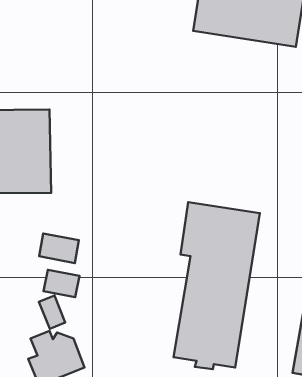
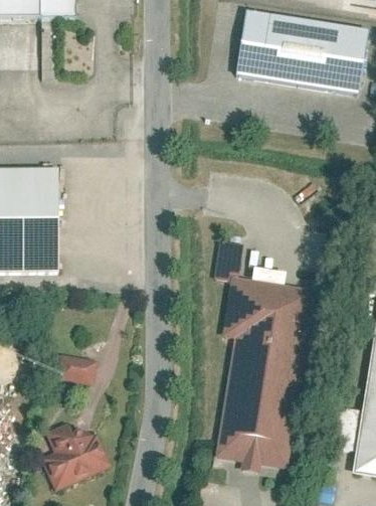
building: [39,234,79,263] -> none
building: [39,295,65,329] -> none

